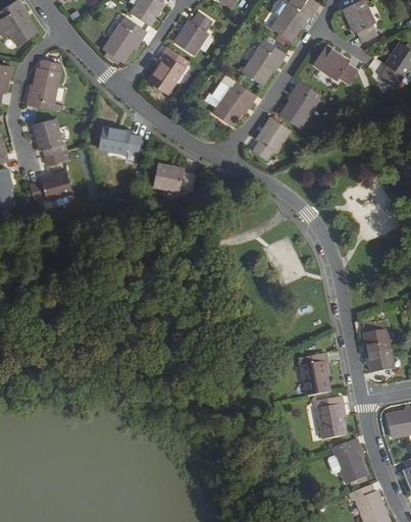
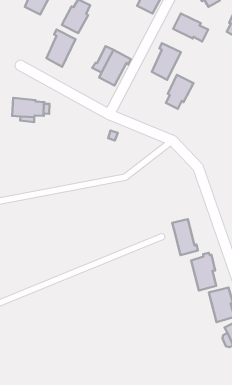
building: [102,16,145,61] -> none
building: [243,40,285,85] -> none
building: [252,116,290,159] -> [166,75,193,109]
building: [152,163,194,190] -> none
building: none -> [172,219,198,255]

